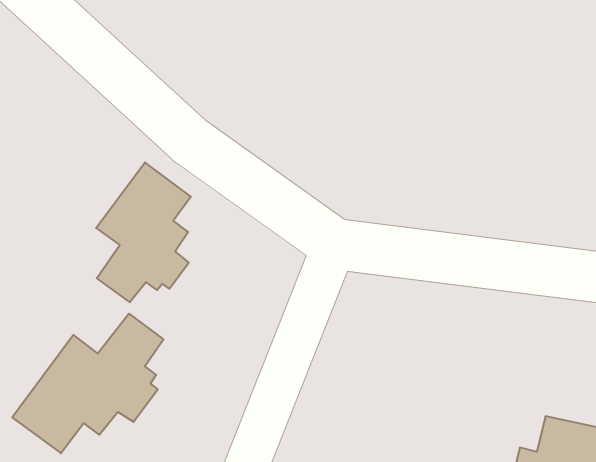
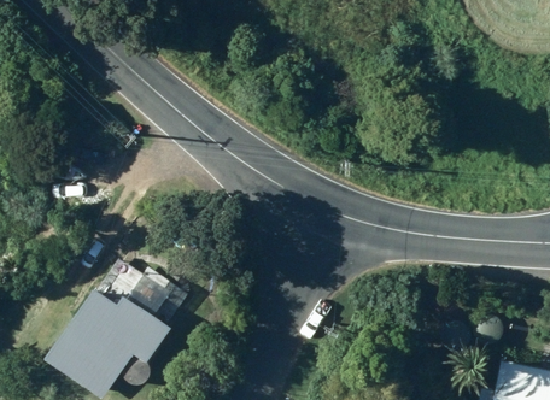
building: [96,162,191,302] -> none

